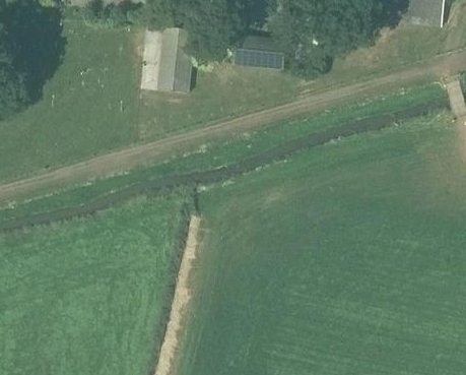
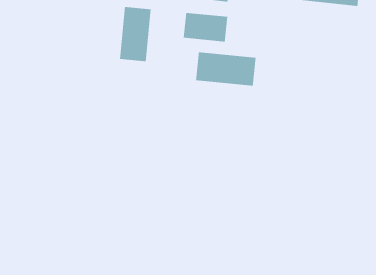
building: none -> [196,51,256,87]

